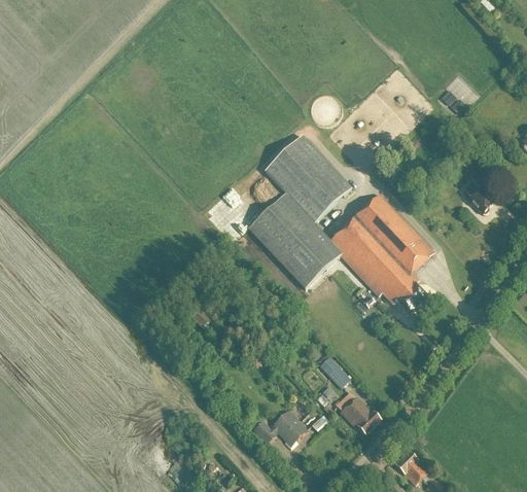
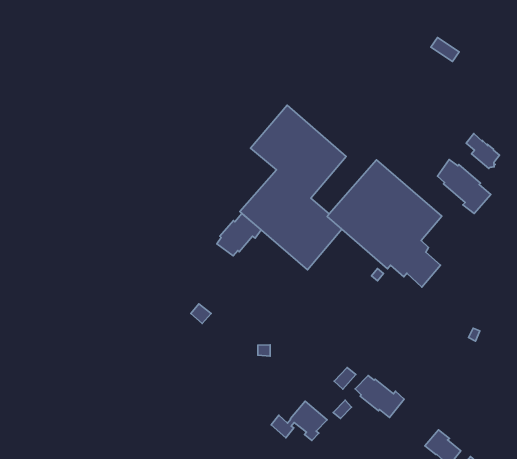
building: none -> [437,160,491,214]
building: none -> [217,213,261,256]
building: [319,354,351,387] -> none

